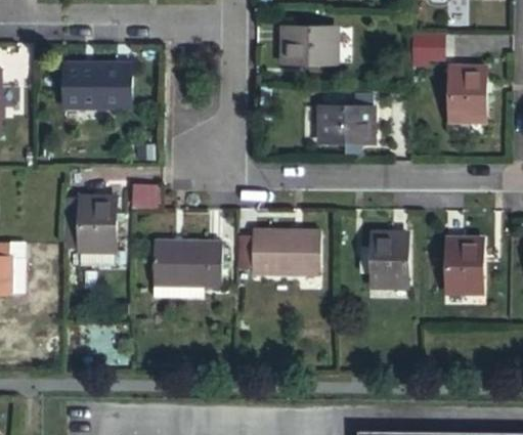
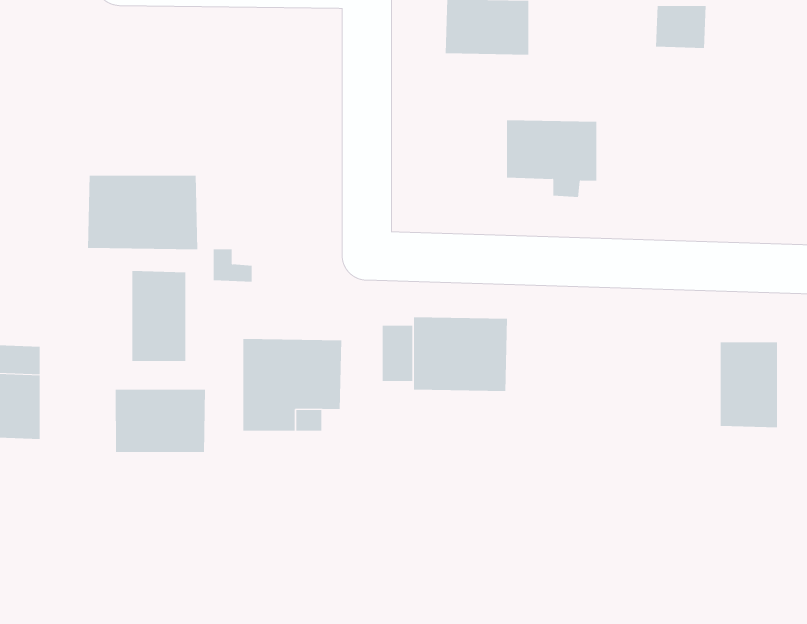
building: [63,64,132,111] -> [87,175,198,250]
building: [442,71,481,126] -> none
building: [365,233,401,286] -> none
building: none -> [115,389,206,453]

